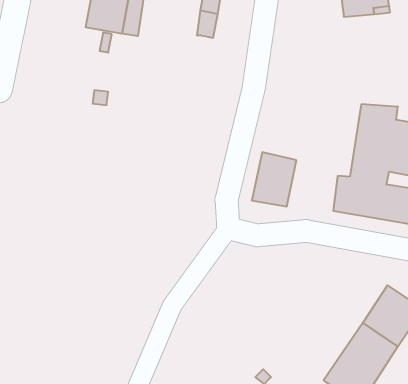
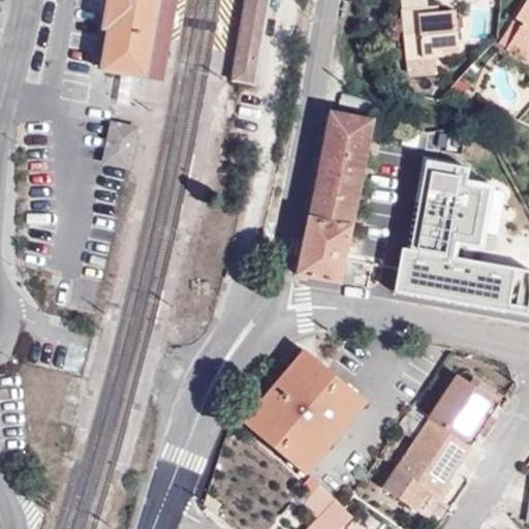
building: none -> [310,113,373,226]
building: none -> [245,350,367,473]

